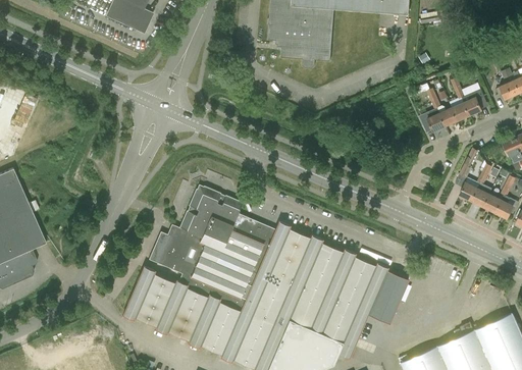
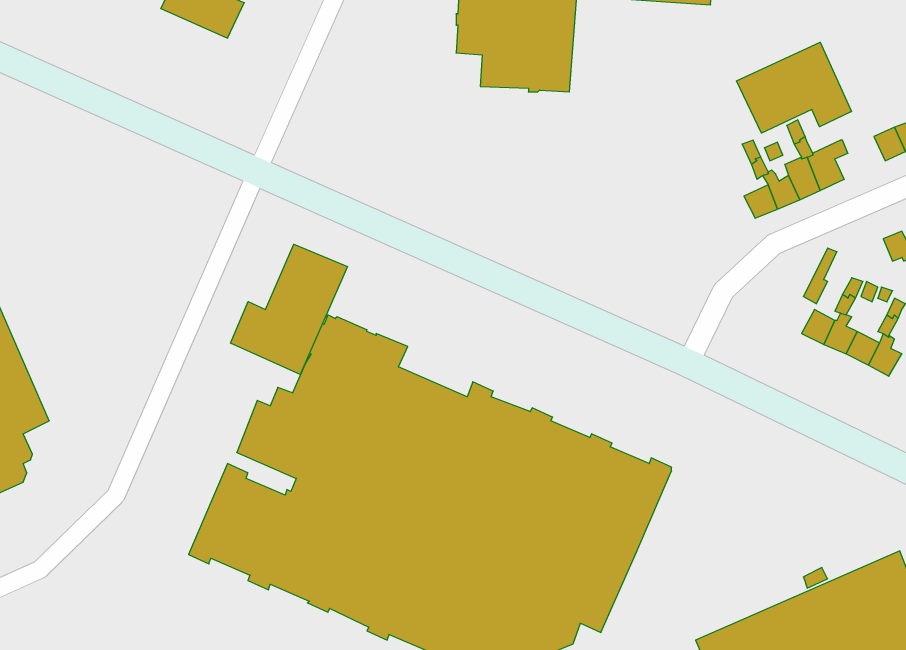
building: none -> [736,42,851,133]
building: none -> [231,244,348,375]
building: [368,270,409,324] -> none

